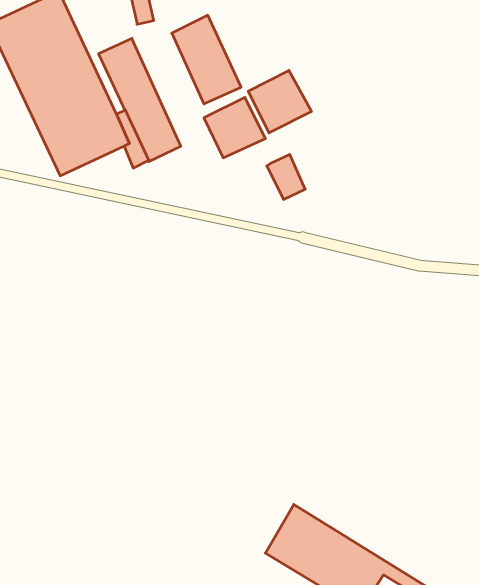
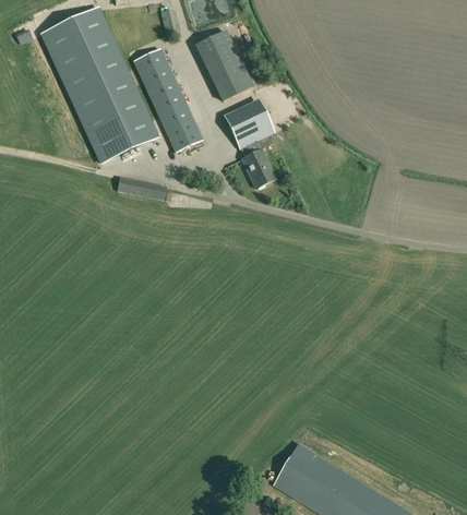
building: [248,70,311,133] -> none
building: [267,154,305,199] -> [242,148,275,187]

